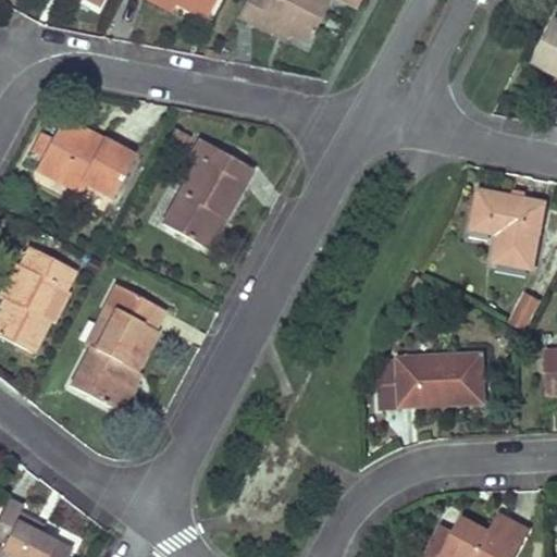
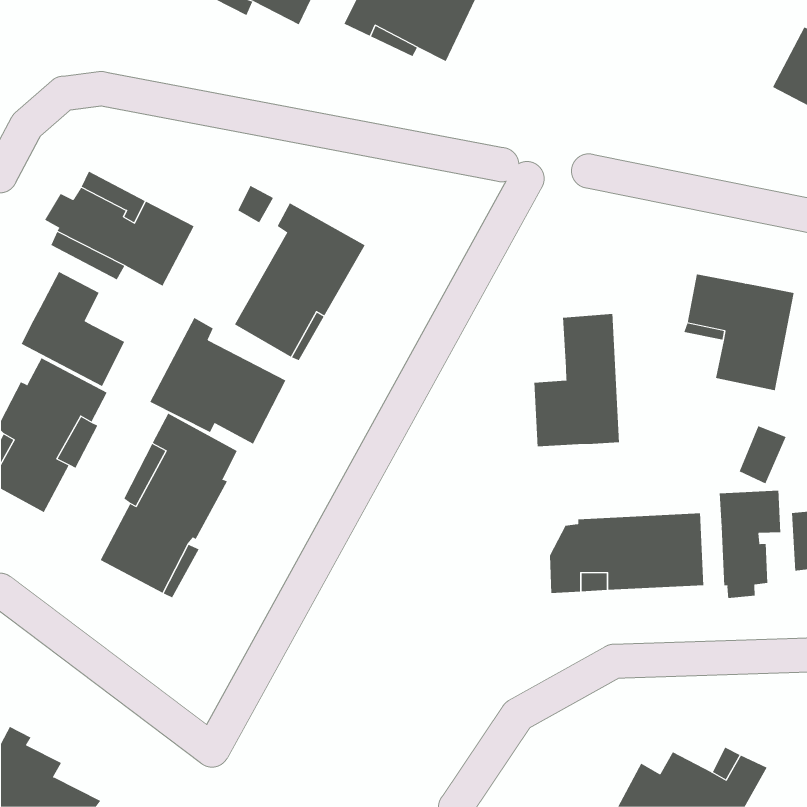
building: none -> [21,271,125,387]
building: none -> [534,313,620,447]
building: none -> [149,317,286,445]
building: none -> [719,490,781,599]

